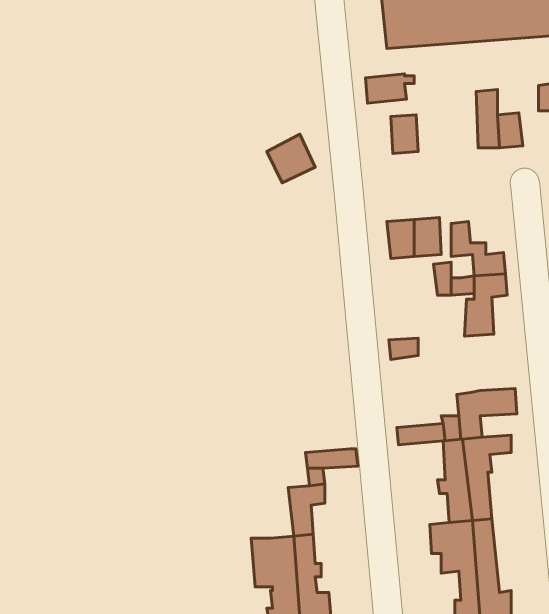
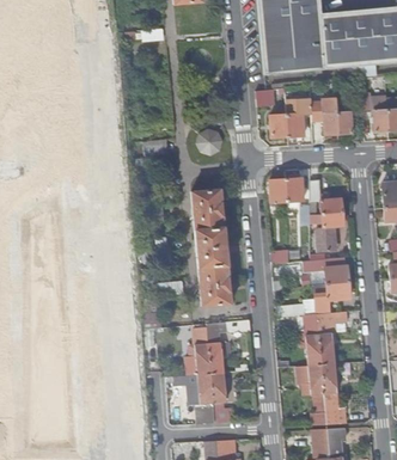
building: none -> [287,99,312,136]
building: none -> [193,189,231,305]
building: none -> [301,256,348,283]
building: none -> [190,329,212,374]

